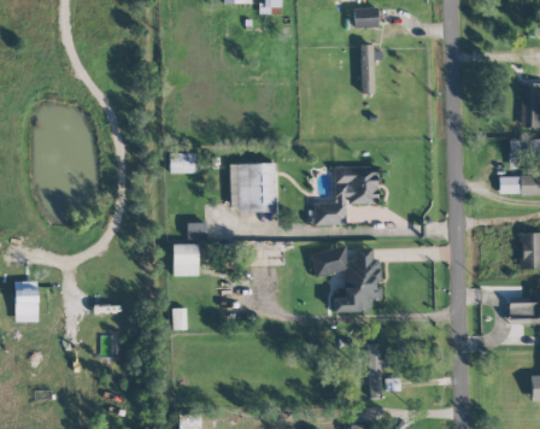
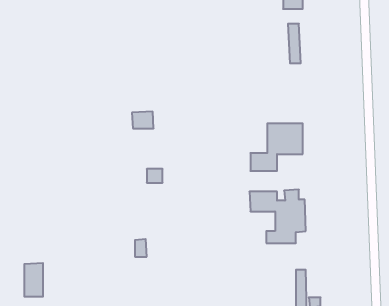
building: [230,163,277,211] -> none
building: [174,243,200,276] -> none
building: [16,281,39,322] -> [24,263,43,297]

